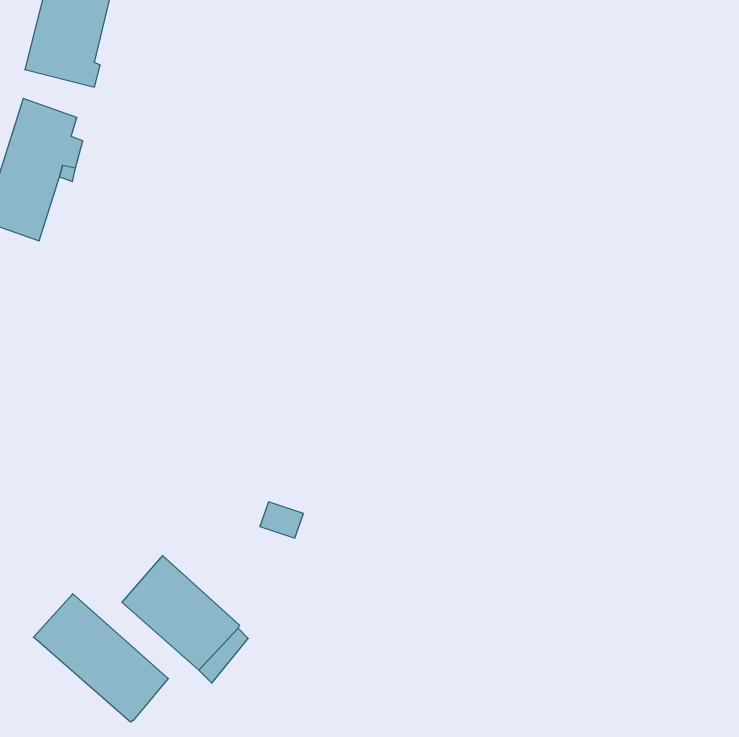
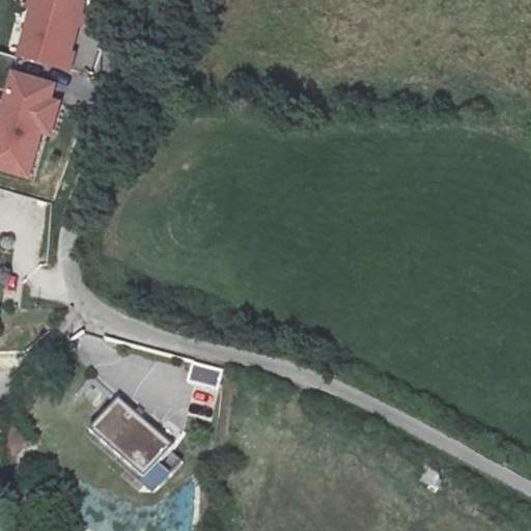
building: [33,594,168,722] -> none

